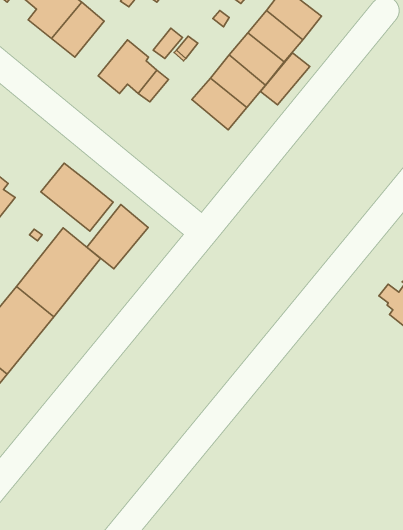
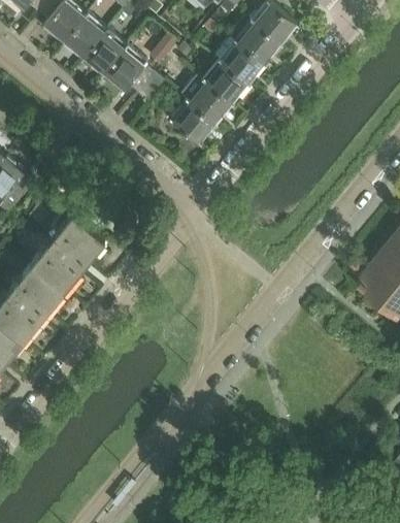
building: none -> [82,30,129,78]
building: [260,53,310,105] -> none
building: none -> [169,99,218,145]
building: [41,163,113,231] -> none
building: [87,204,148,269] -> none

